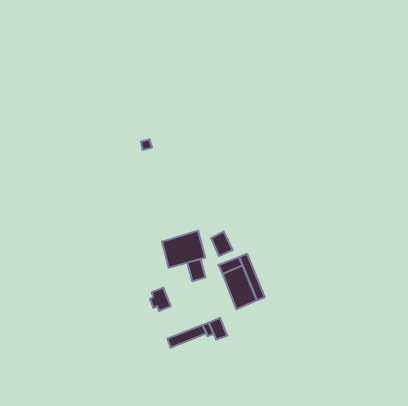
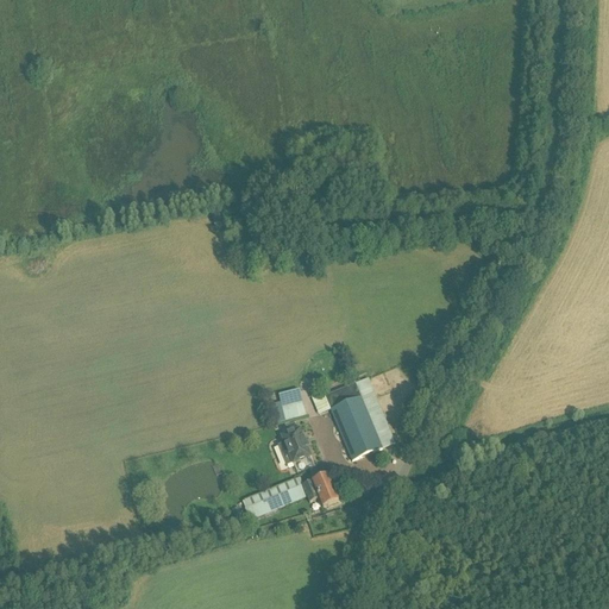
building: [162,231,205,268] -> none
building: [211,231,232,256] -> none
building: [150,288,171,311] -> [278,426,309,460]

